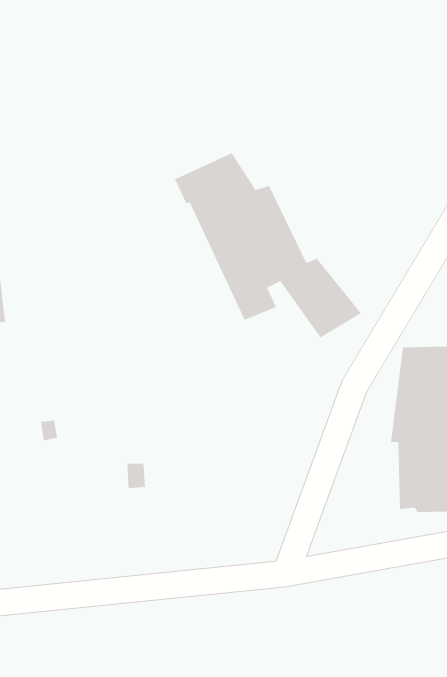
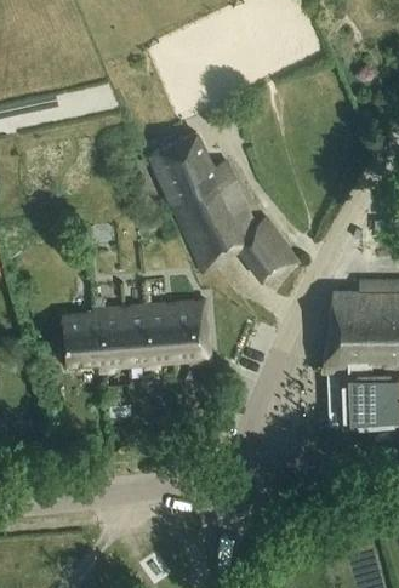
building: none -> [59,298,213,372]

